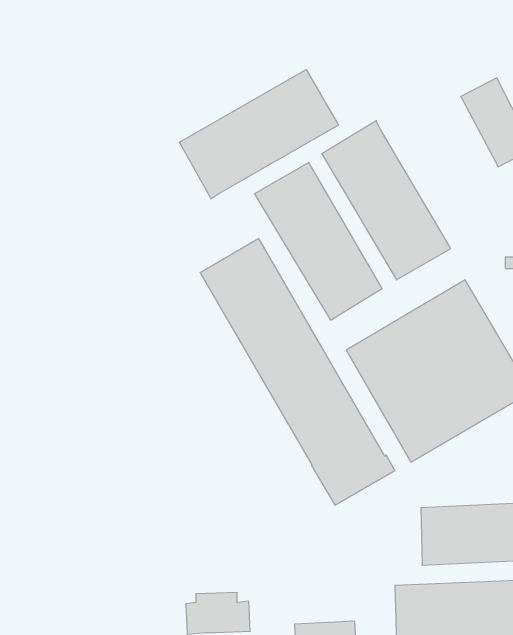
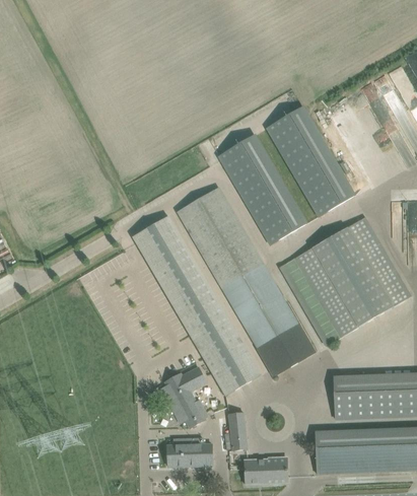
building: [179,70,338,199] -> none
building: none -> [132,216,261,395]
building: none -> [164,366,207,427]
building: none -> [228,412,247,449]

